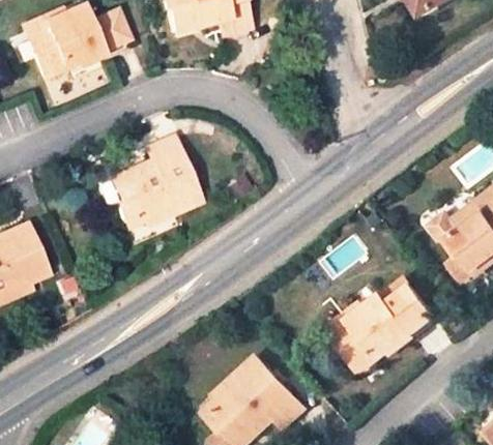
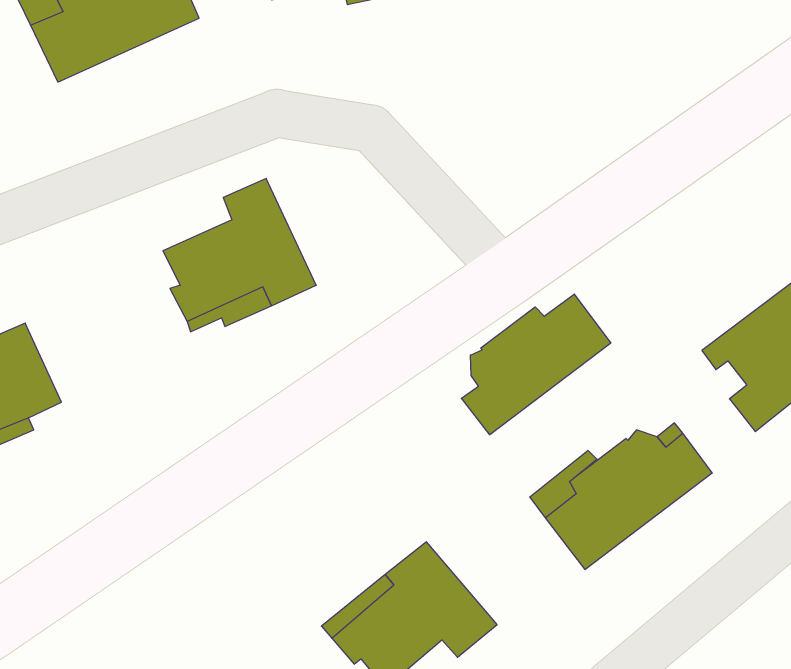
building: none -> [461,294,611,435]

